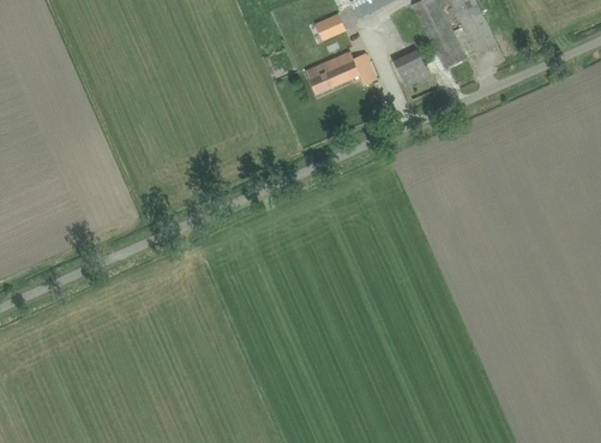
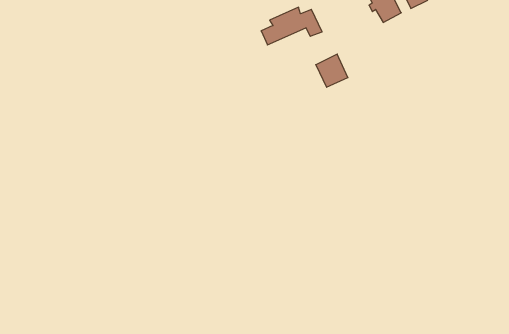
building: [393,49,429,86] -> [316,54,348,87]

